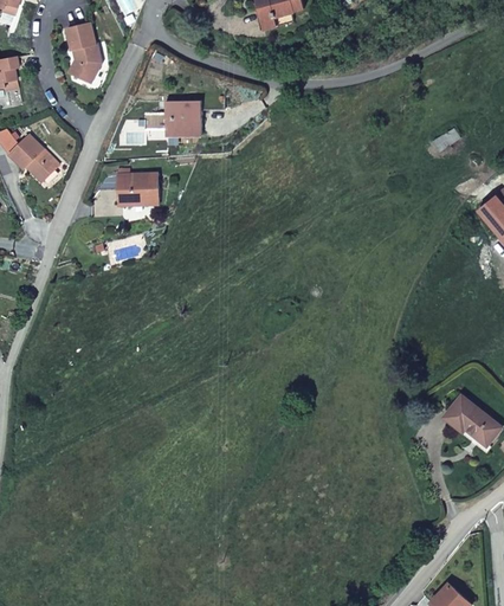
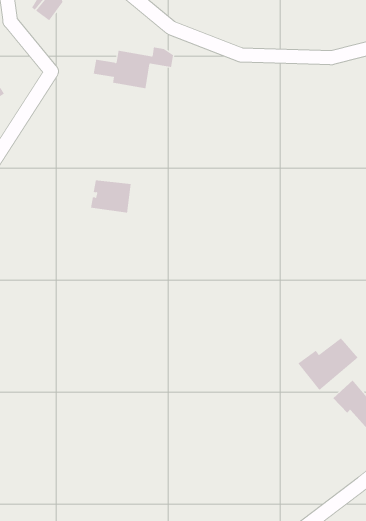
building: [117,173,156,205] -> [90,180,132,213]
building: none -> [297,337,358,391]

